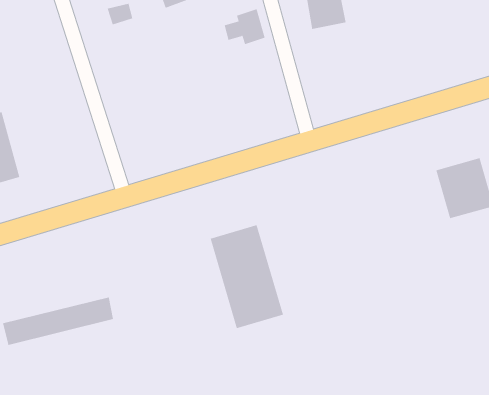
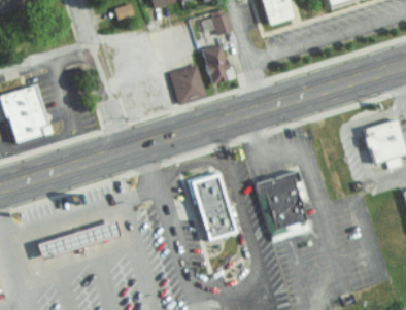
building: none -> [202,43,233,84]
building: none -> [169,64,206,105]
building: none -> [256,171,307,237]

